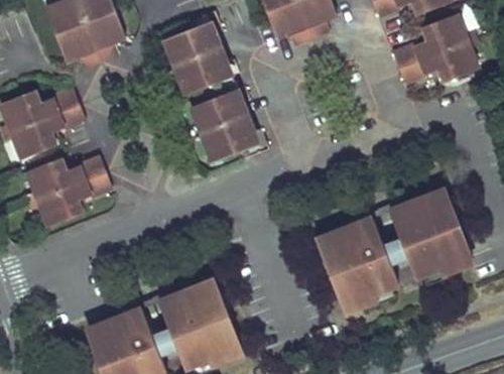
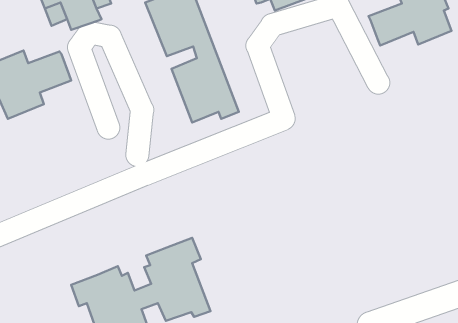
building: [25,155,114,226] -> none
building: [317,192,466,308] -> none

